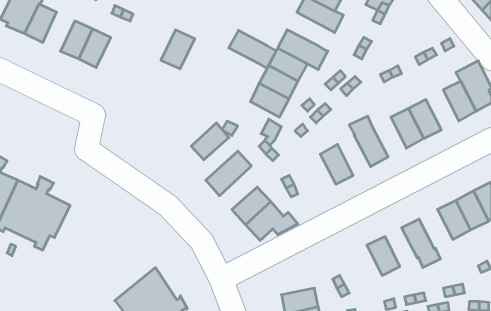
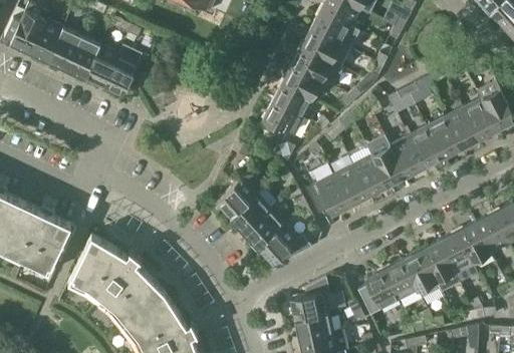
building: none -> [47,29,80,69]
building: [161,30,195,69] -> [102,55,138,95]
building: [229,30,276,68] -> [300,29,349,68]
building: none -> [444,109,478,150]
building: none -> [389,137,424,179]
building: [191,123,229,160] -> [230,195,269,233]
building: none -> [352,156,387,198]
building: none -> [305,175,350,217]
building: none -> [437,233,477,284]
building: none -> [67,236,164,327]
building: none -> [402,252,439,299]
building: none -> [357,270,399,315]
building: none -> [290,279,328,321]

